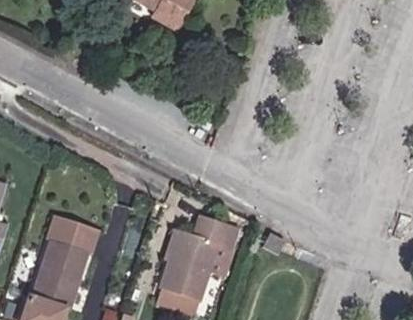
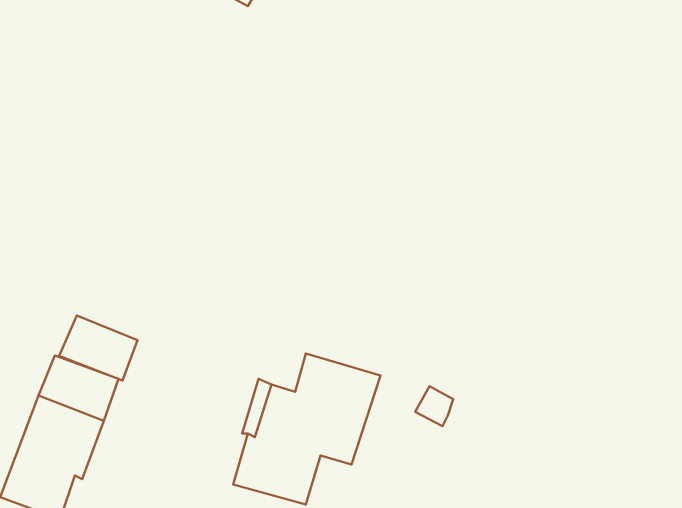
building: none -> [59,315,138,381]

